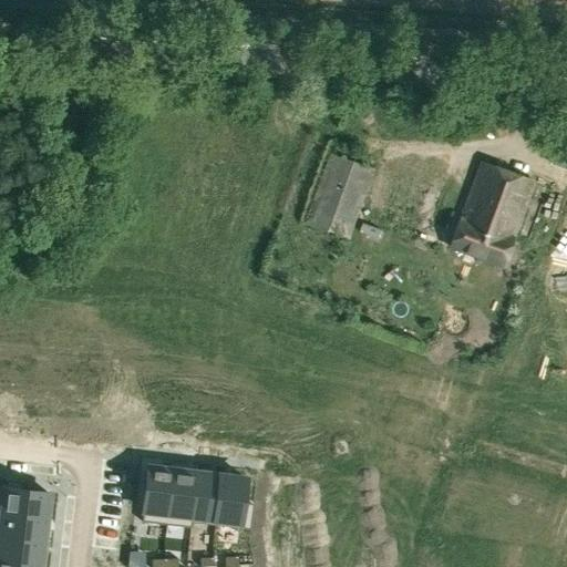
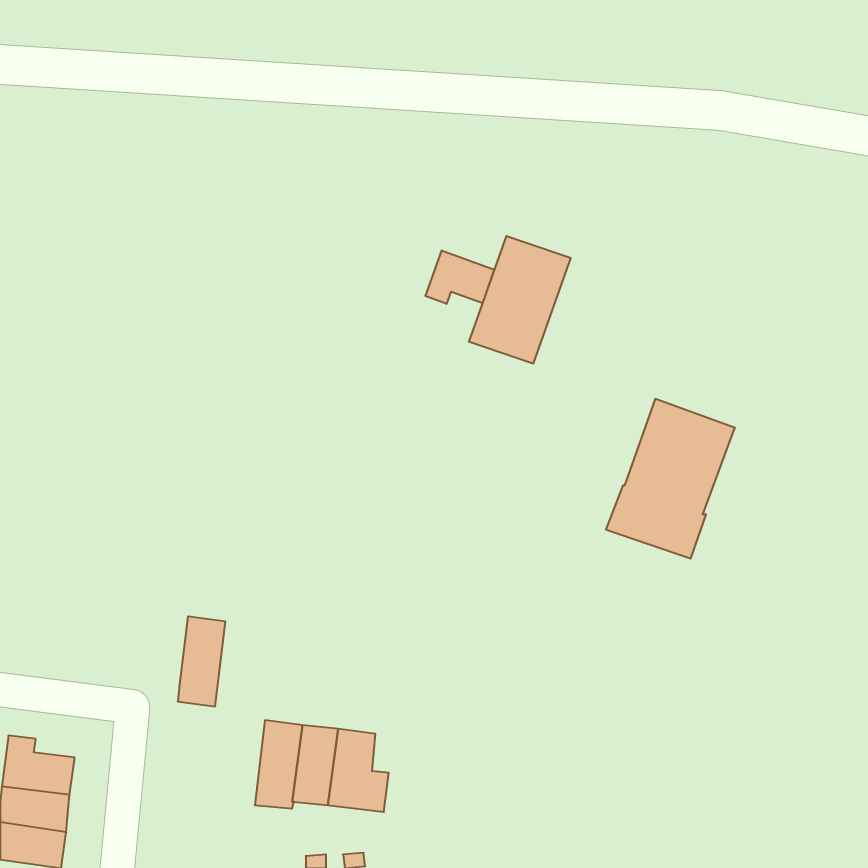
building: [450,162,534,266] -> [606,399,735,559]
building: none -> [425,250,494,304]
building: [142,466,173,525] -> [178,616,225,706]

